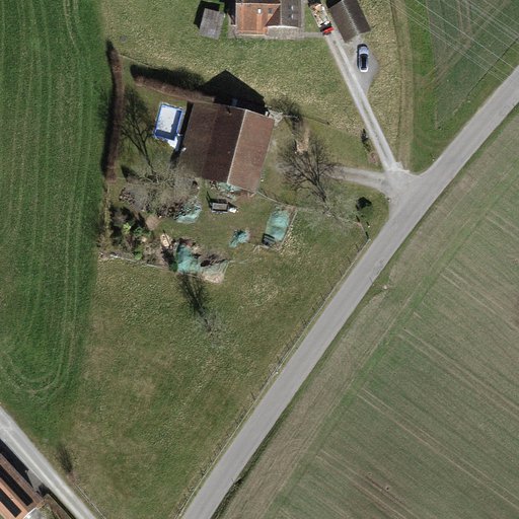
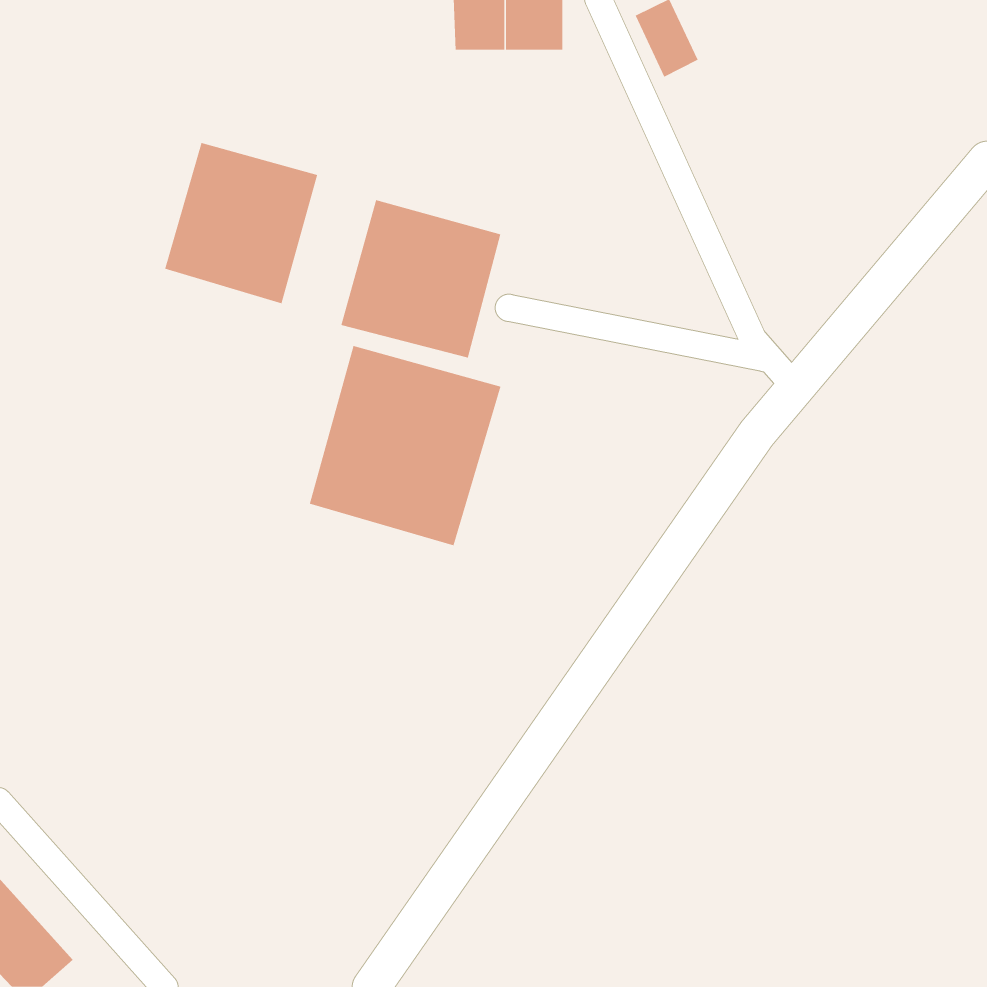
building: none -> [165,142,318,304]
building: none -> [309,345,501,546]

